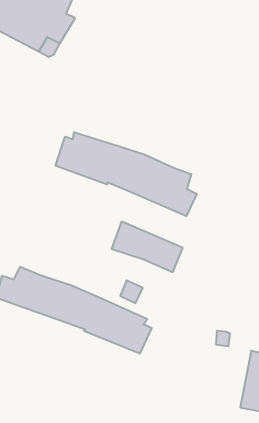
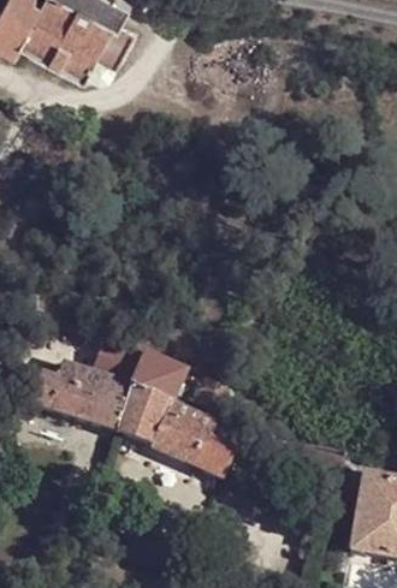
building: [56,132,197,216] -> none
building: [112,222,183,272] -> [89,335,184,403]

